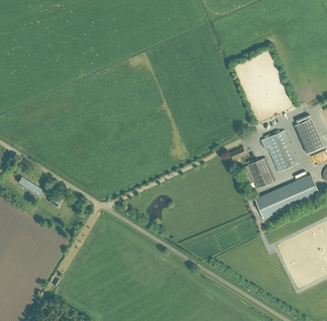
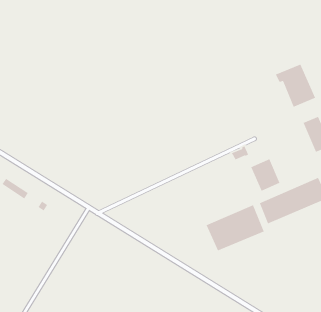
building: [259,129,297,171] -> [275,63,316,108]
building: none -> [206,204,265,252]

